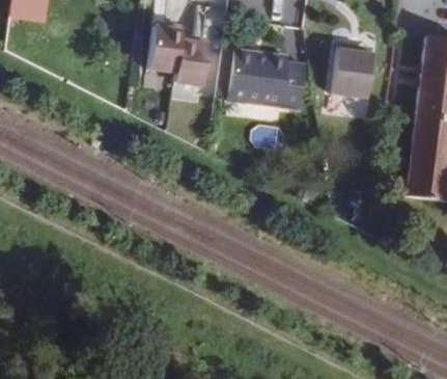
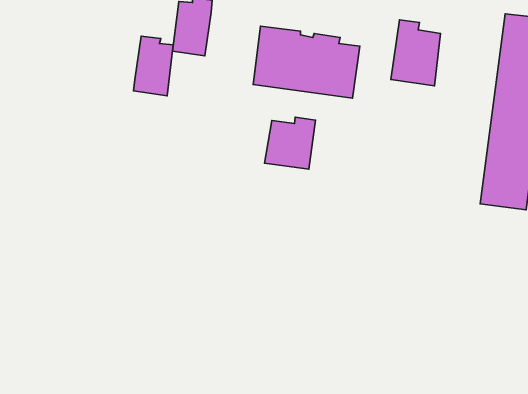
building: [174,35,207,85] -> [134,36,173,96]
building: none -> [265,117,315,169]

